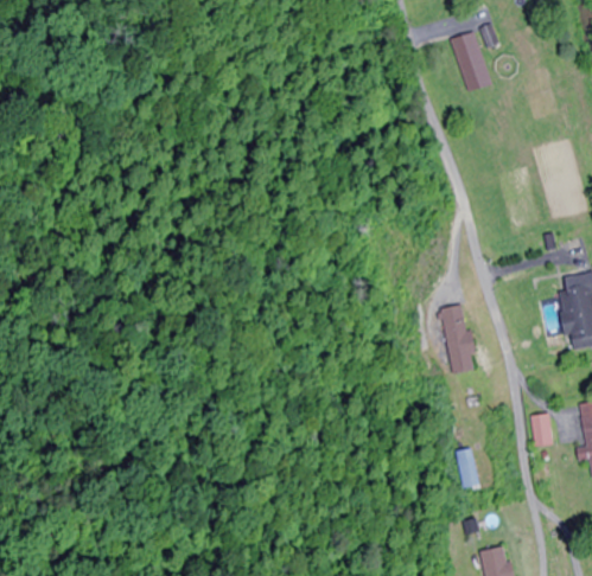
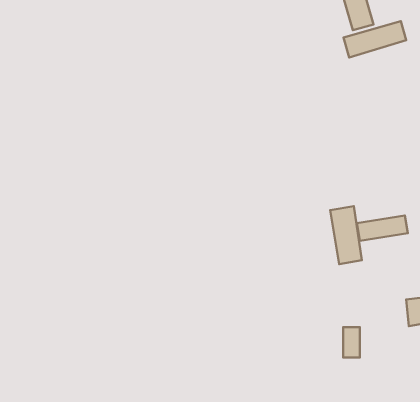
building: none -> [343,21,406,58]
building: none -> [357,215,408,241]

